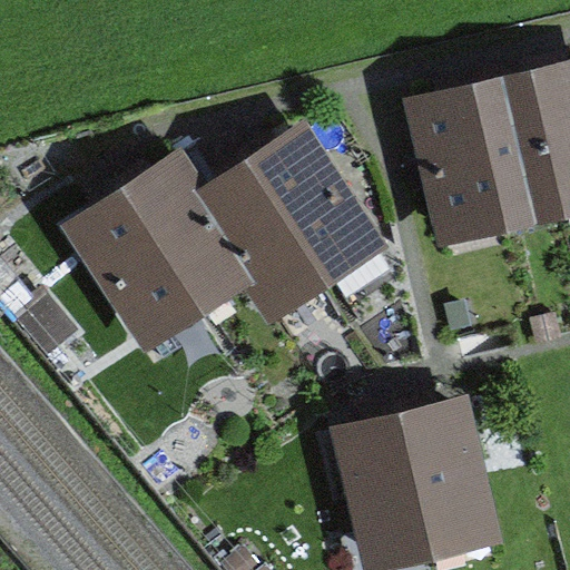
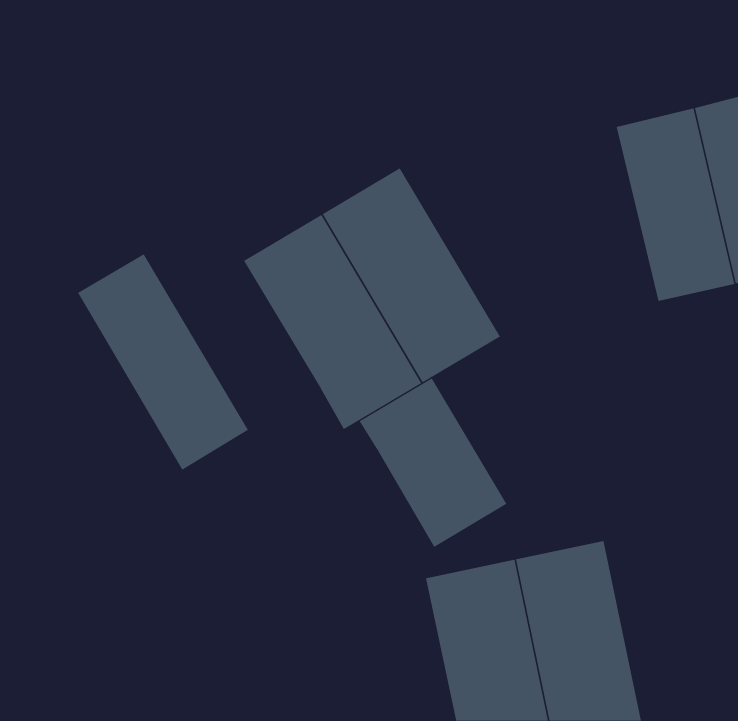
building: [407,97,508,247] -> none
building: [115,161,249,328] -> none
building: none -> [359,377,507,548]

